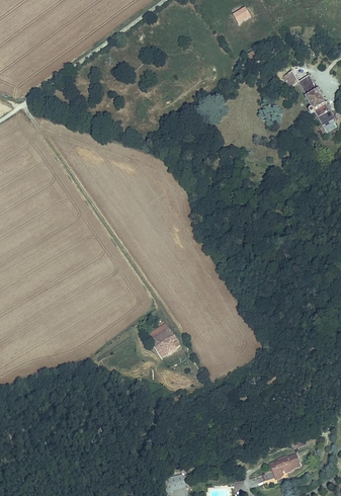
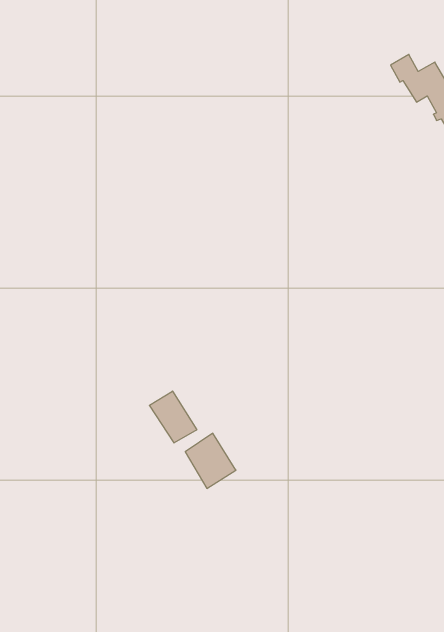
building: none -> [149,391,197,443]

